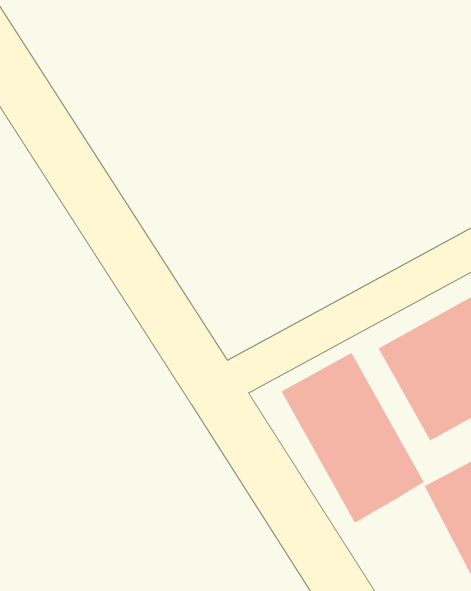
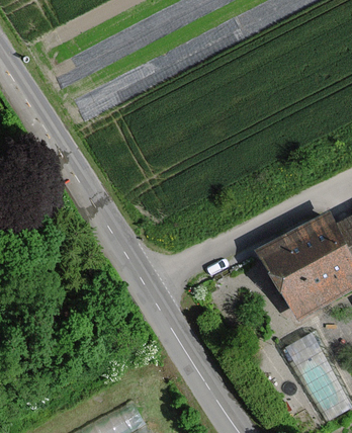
building: [280,352,425,524] -> none

